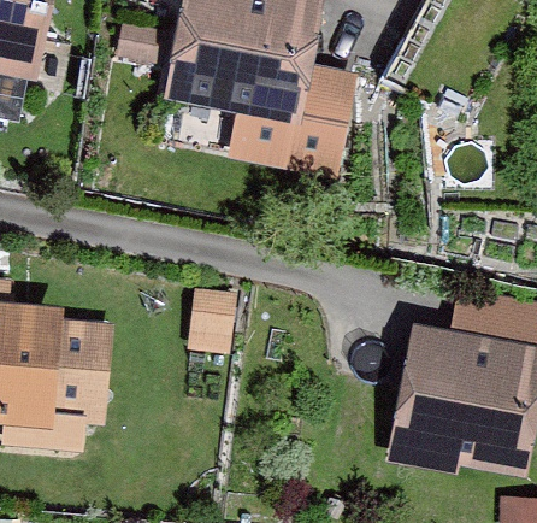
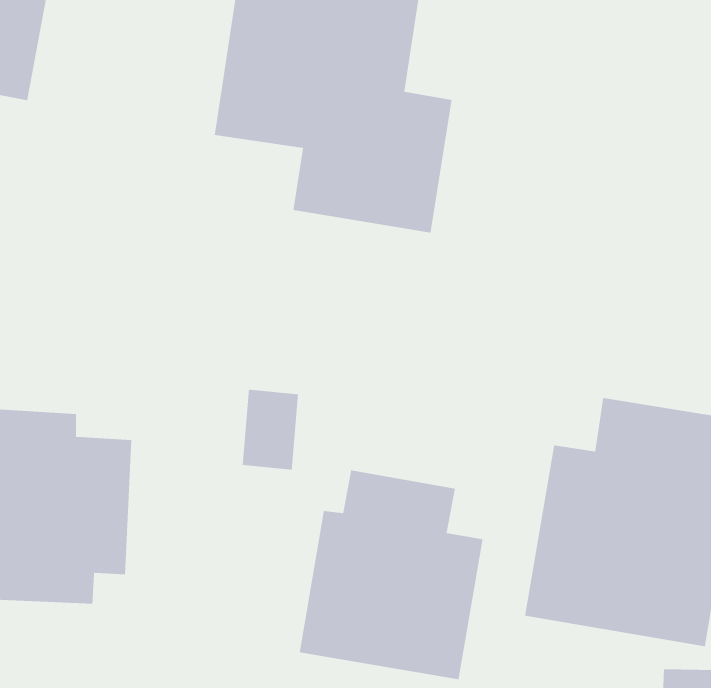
building: none -> [299,470,483,680]

